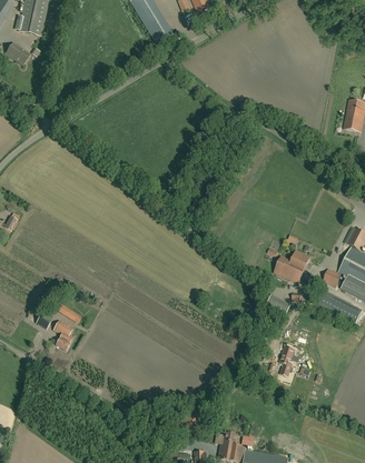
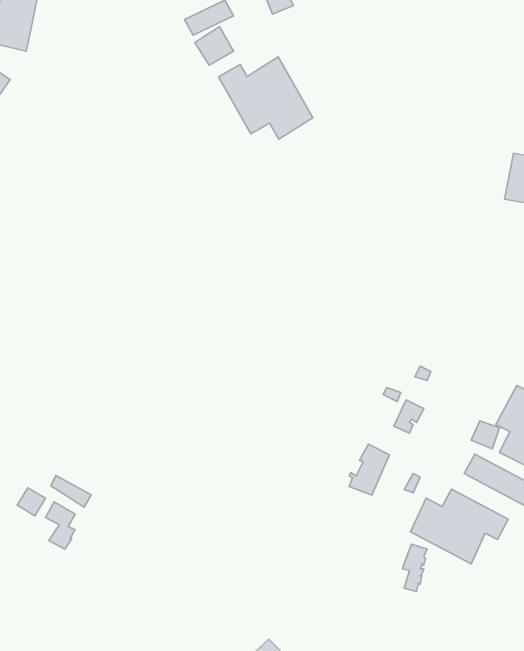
building: none -> [218,57,313,139]
building: [283,249,308,281] -> [349,444,390,495]
building: none -> [410,489,508,564]

